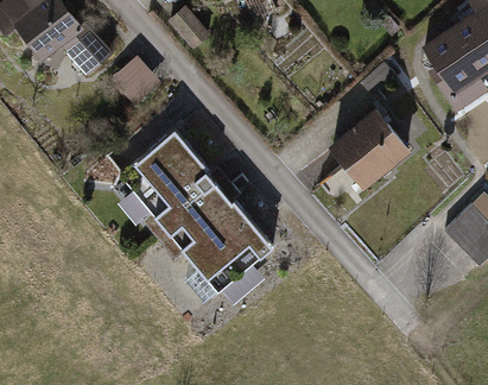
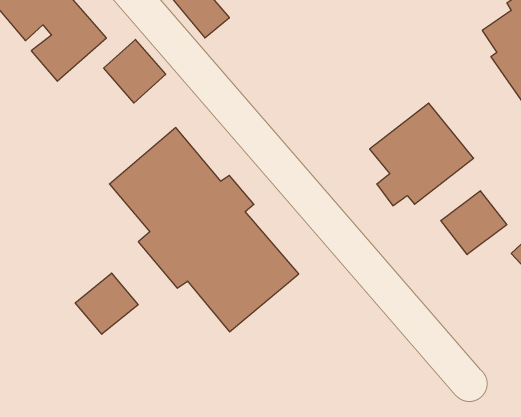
building: none -> [441,191,507,255]
building: none -> [75,273,138,334]

